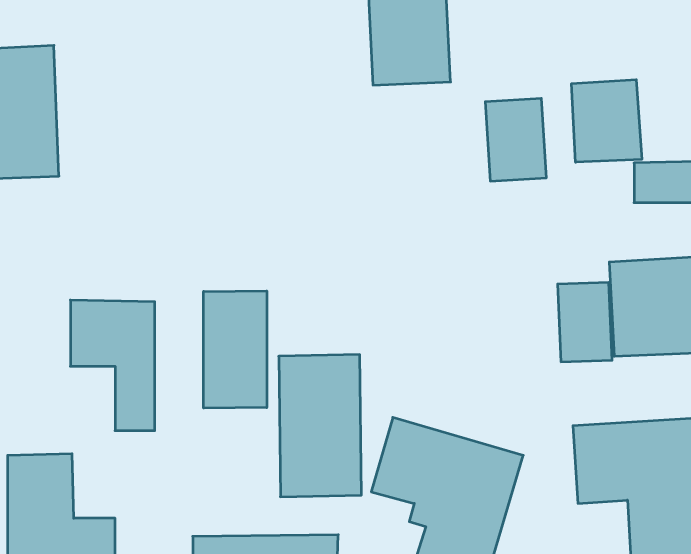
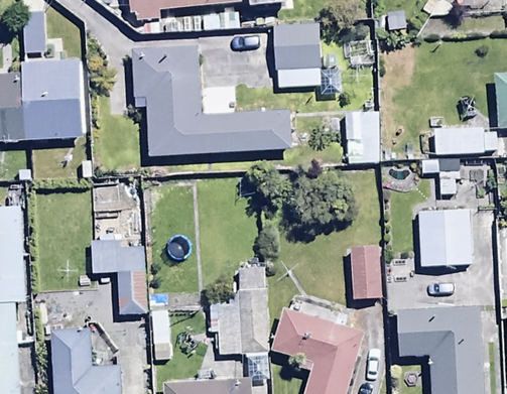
building: none -> [132,51,291,163]
building: [572,80,642,162] -> none
building: [558,282,612,362] -> [348,235,381,283]
building: [204,291,267,408] -> none

